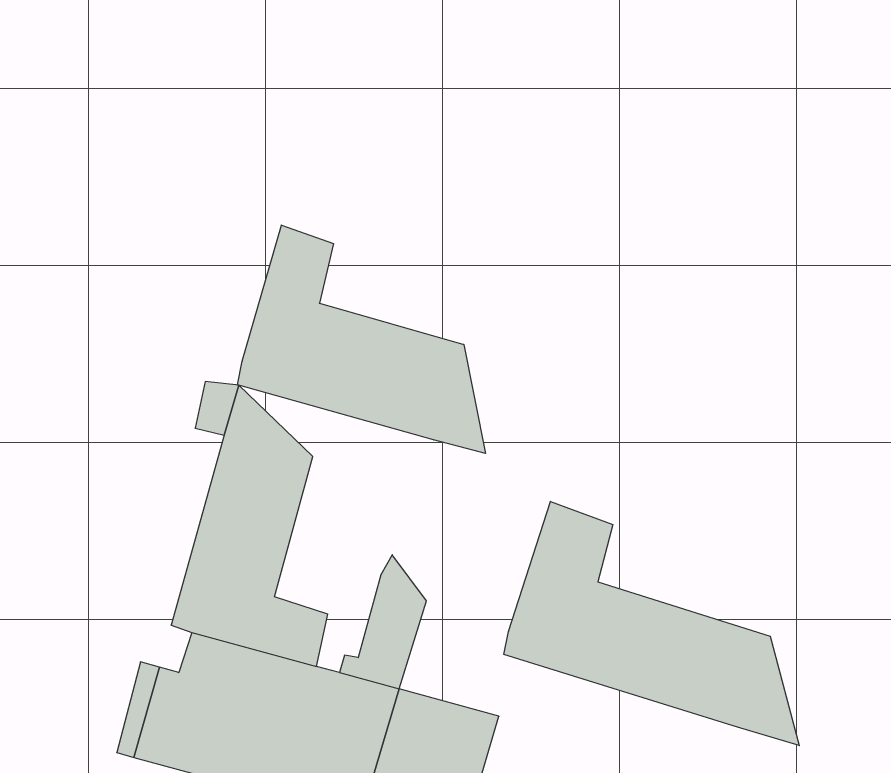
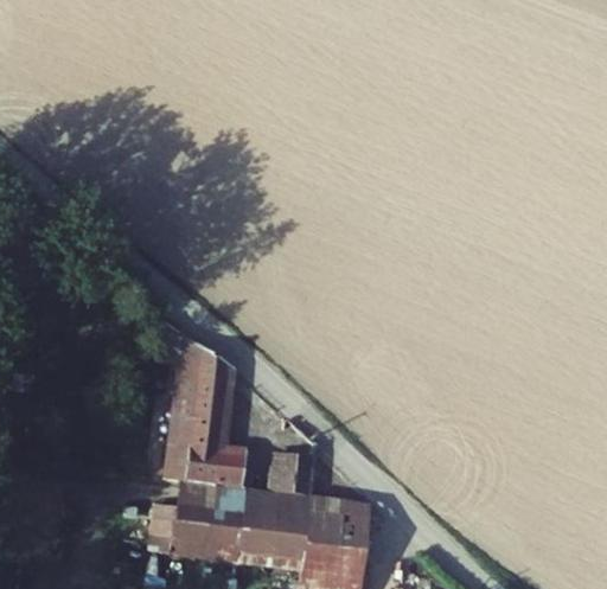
building: [238,225,485,453] -> none
building: [504,501,799,746] -> none

